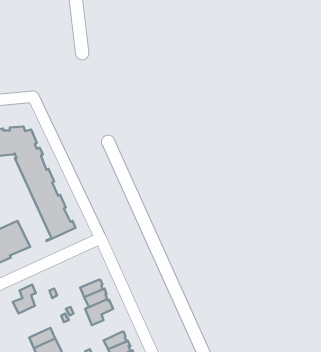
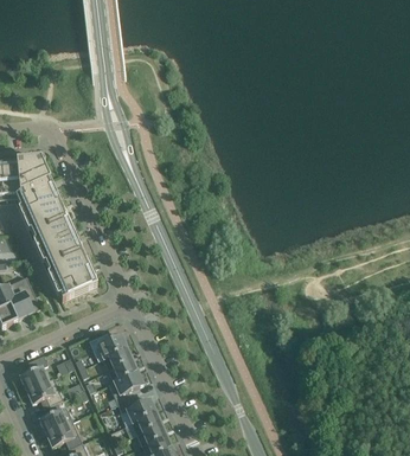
building: none -> [89,334,126,360]
building: none -> [27,378,63,405]
building: none -> [117,398,155,423]

